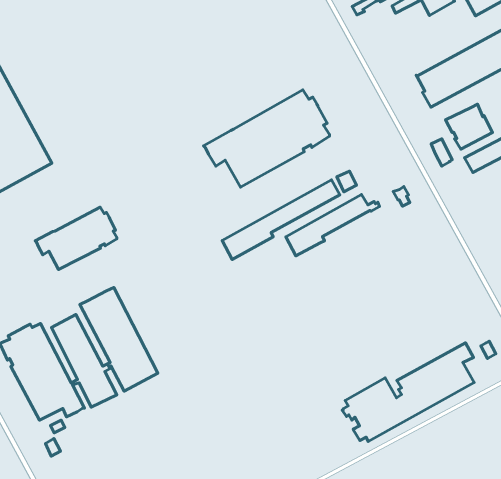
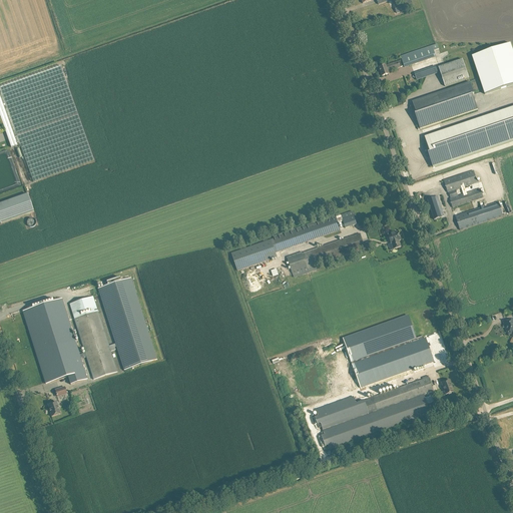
building: none -> [413,81,478,127]
building: [204,90,330,187] -> none
building: [35,207,117,269] -> none
building: none -> [344,317,433,389]

